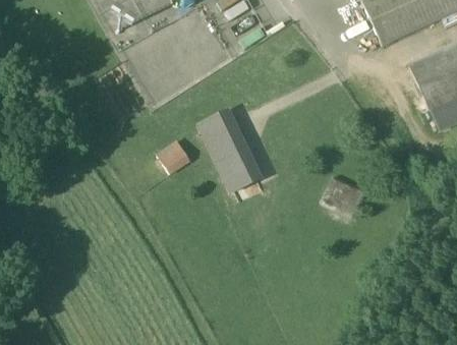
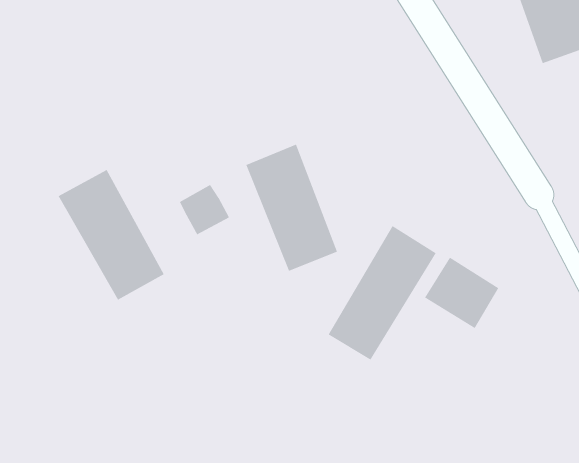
building: none -> [58,169,164,301]
building: none -> [328,225,436,360]

